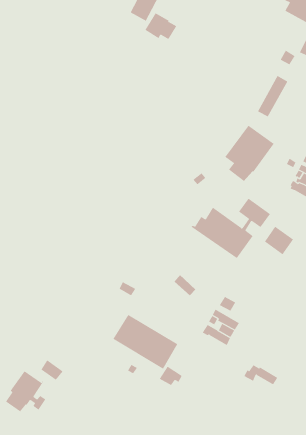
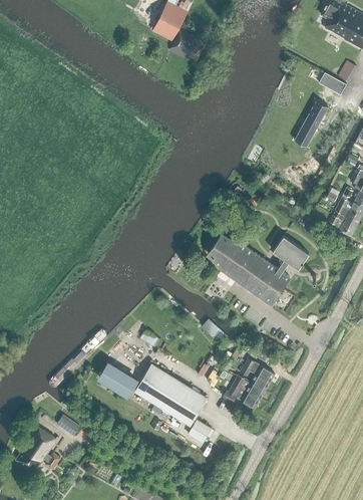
building: [225,125,274,182] -> none
building: none -> [209,235,245,268]
building: [264,226,294,255] -> none
building: none -> [99,363,135,396]
building: [243,364,278,385] -> [223,385,261,408]

